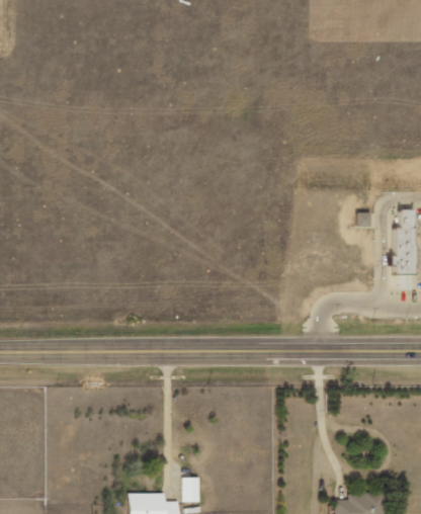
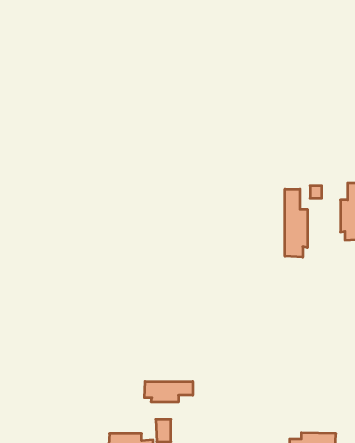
building: none -> [285,189,307,257]
building: none -> [144,381,193,402]

